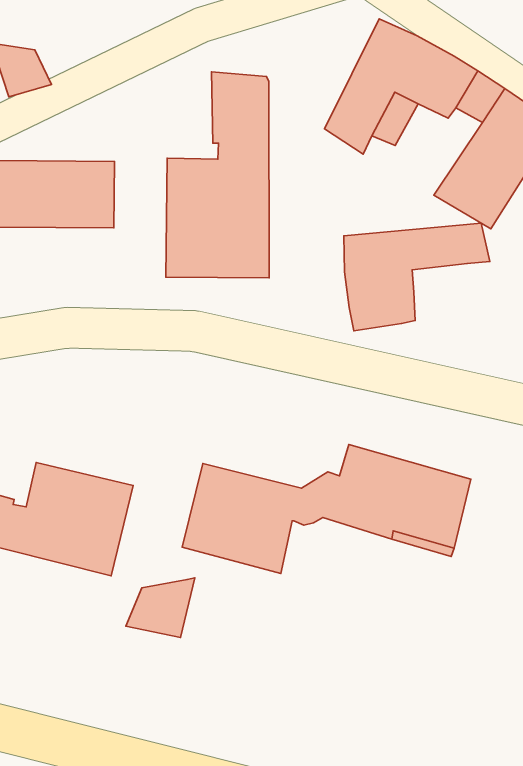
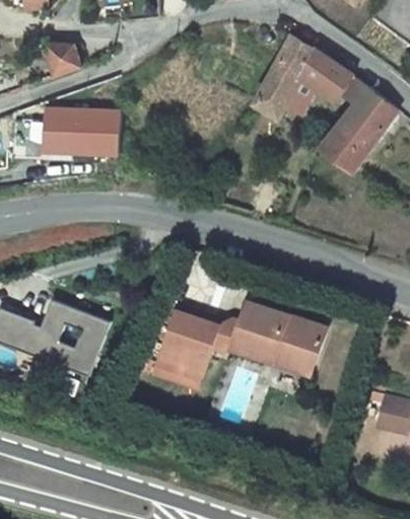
building: [166,72,269,278] -> none
building: [344,223,490,331] -> none
building: [126,578,195,638] -> none

